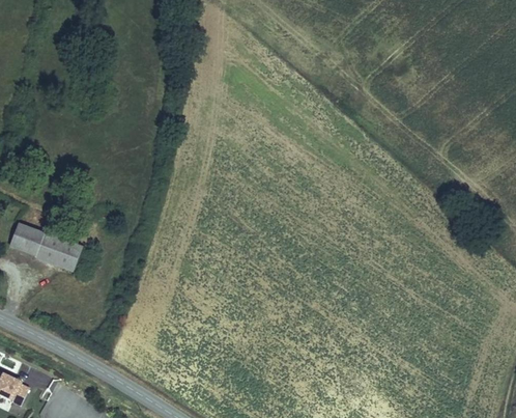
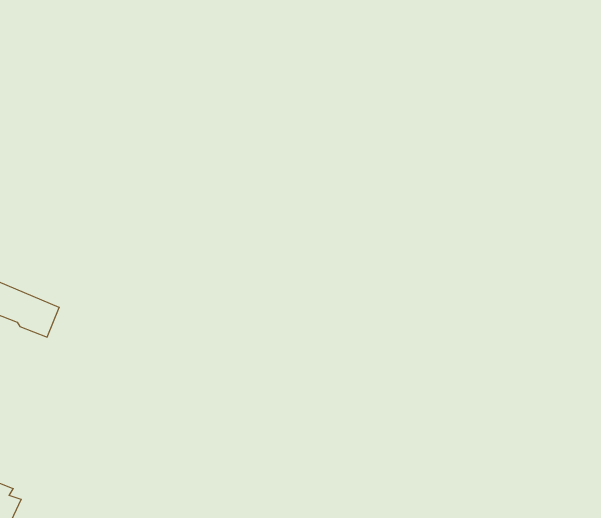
building: [52,241,77,270] -> none

